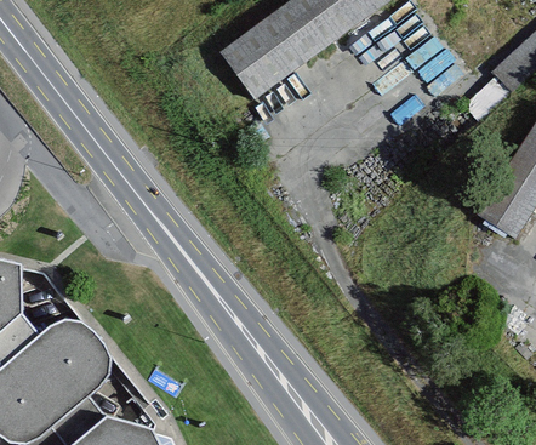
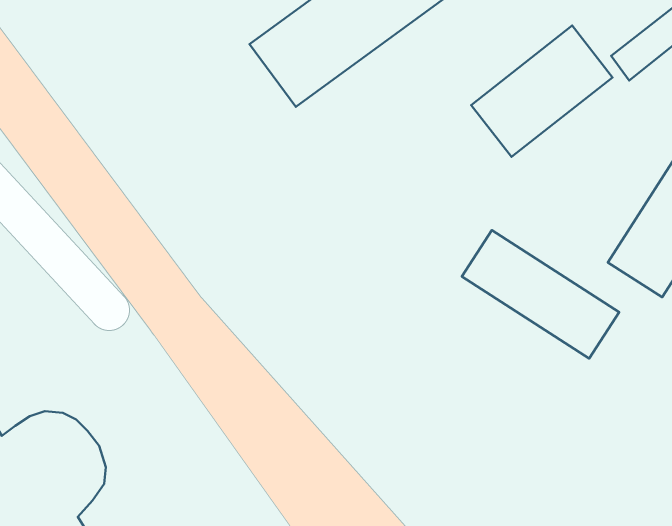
building: none -> [471,26,613,157]
building: none -> [462,230,619,358]

